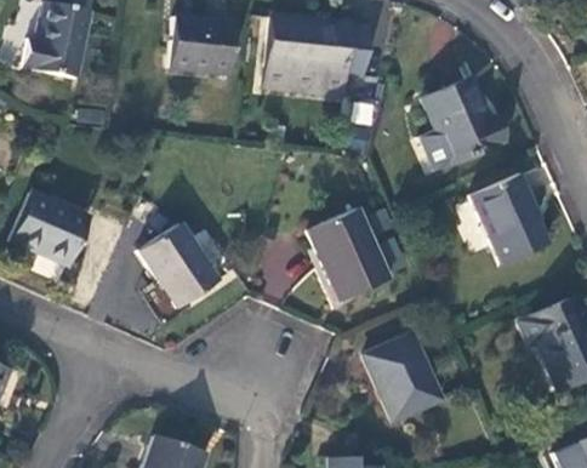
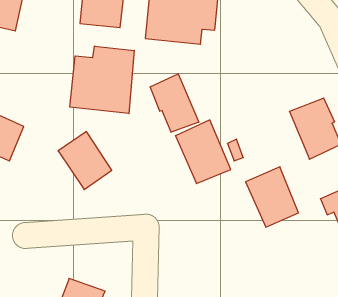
building: [421,76,506,170] -> none
building: none -> [70,46,134,114]
building: none -> [150,74,199,132]
building: [364,332,440,420] -> [246,167,298,227]

